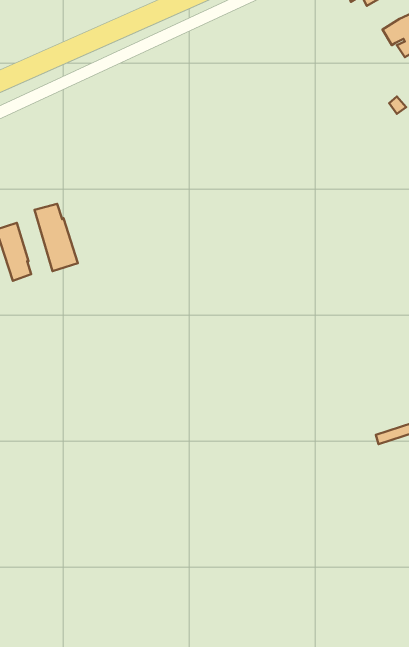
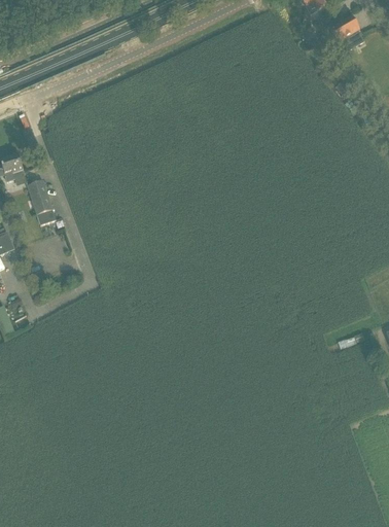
building: [35,204,78,271] -> none

